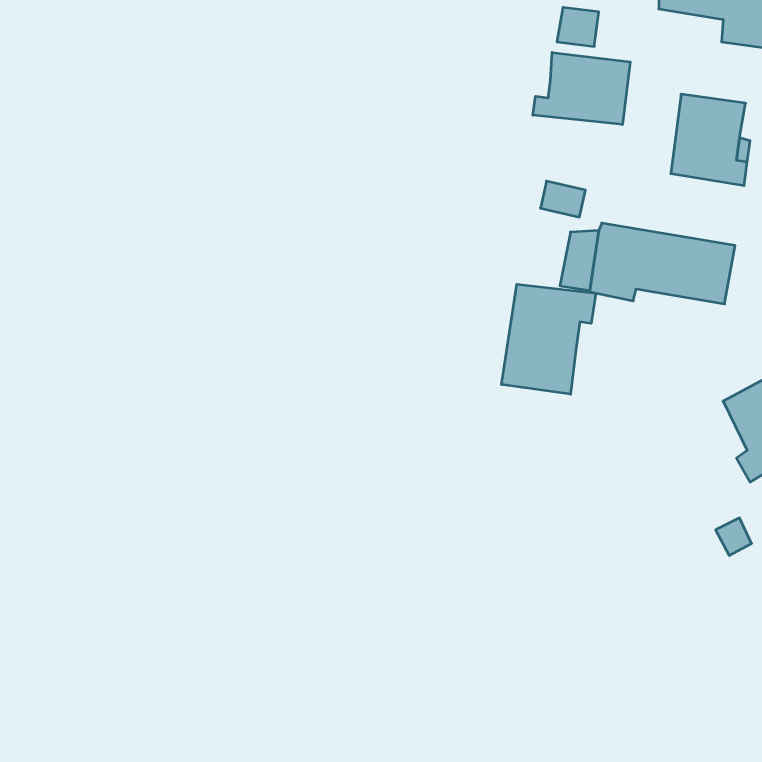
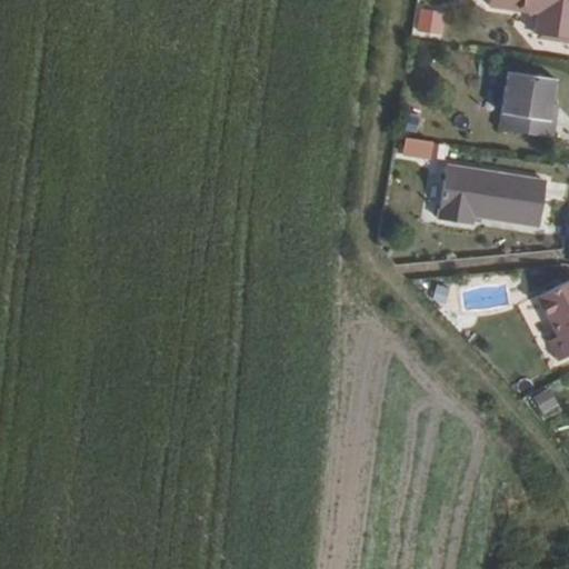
building: [533,52,630,125] -> none
building: [502,284,596,394] -> none

